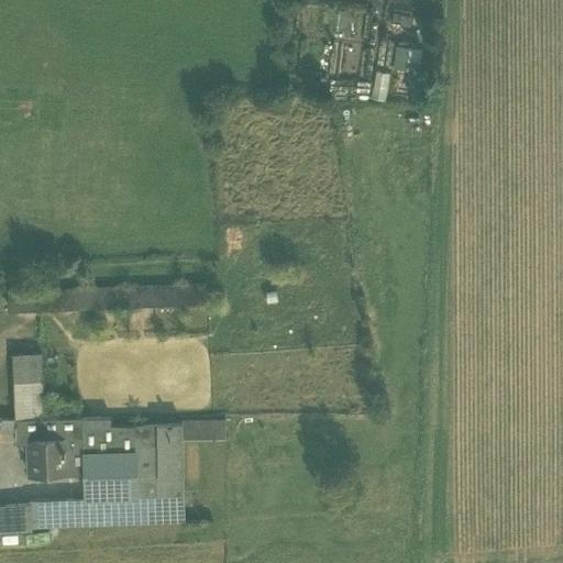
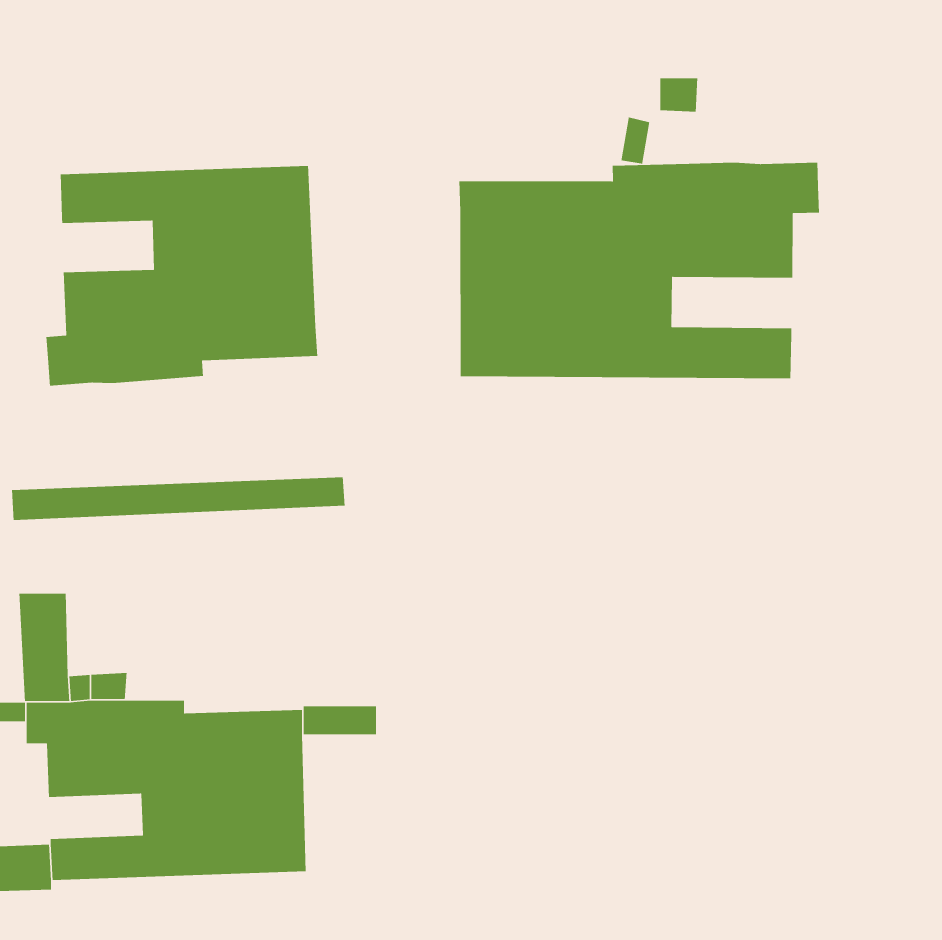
building: none -> [459,162,820,379]
building: none -> [46,165,318,387]

